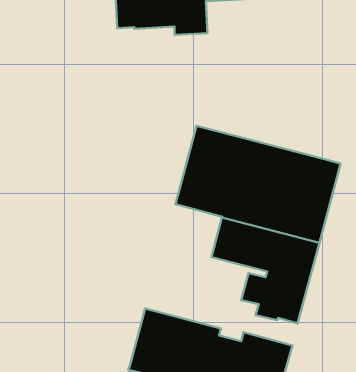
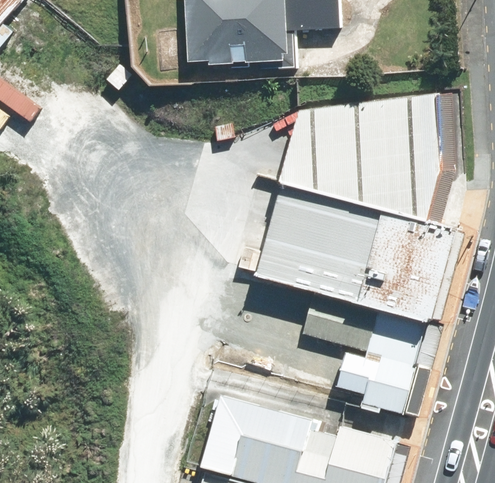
building: none -> [282,95,441,217]

